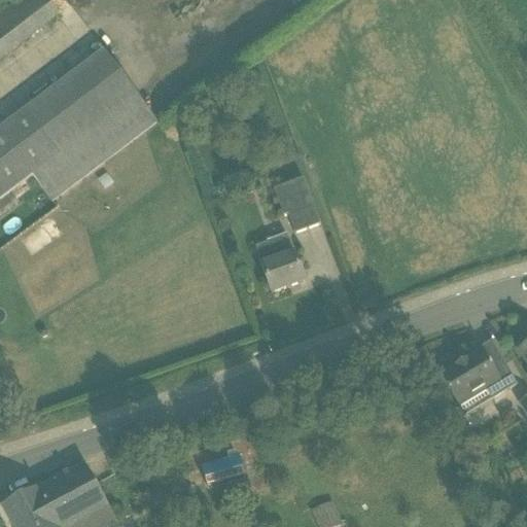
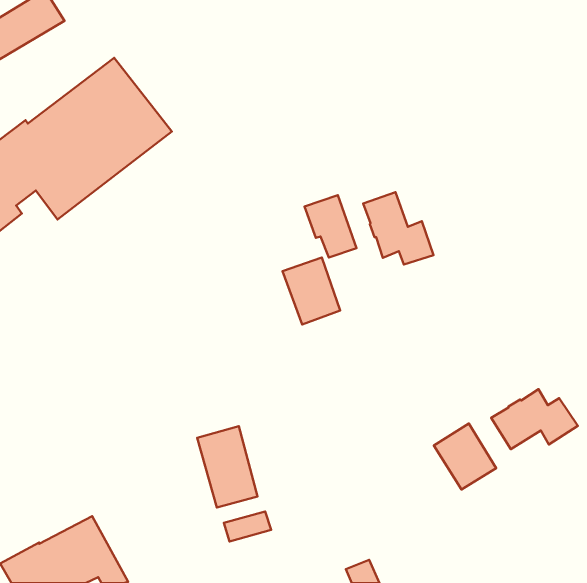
building: none -> [363,192,433,264]
building: none -> [434,423,496,489]
building: none -> [197,426,258,507]

